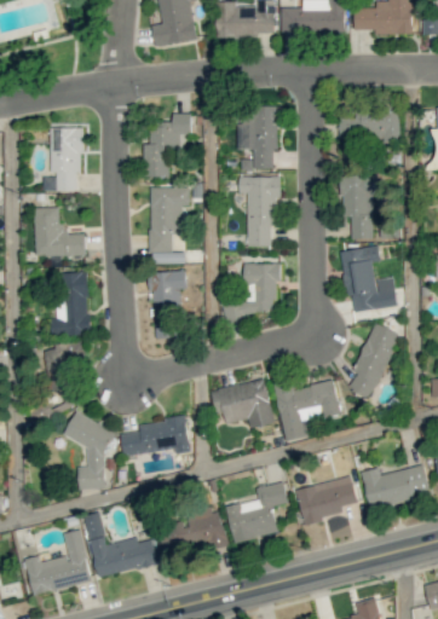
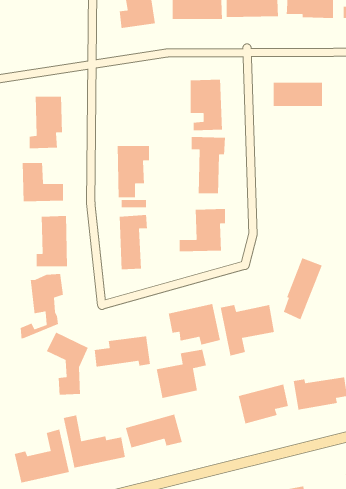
building: [143,112,191,177] -> none
building: [341,174,378,238] -> none
building: [342,245,397,311] -> none
building: [226,481,288,542] -> [156,349,207,399]

